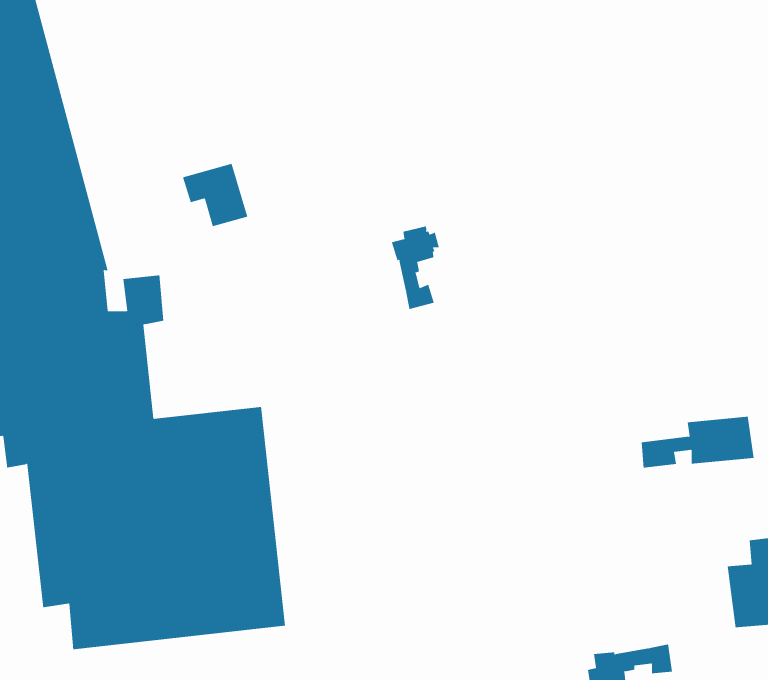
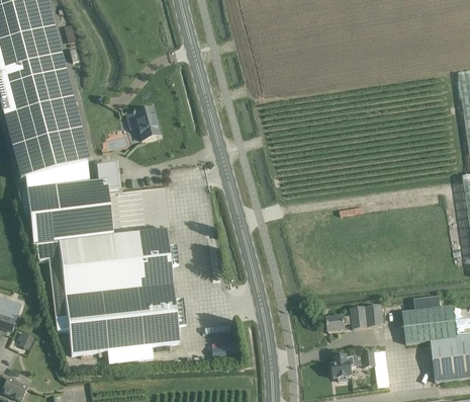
building: [391,225,440,310] -> none
building: [641,416,755,468] -> [328,303,386,329]

